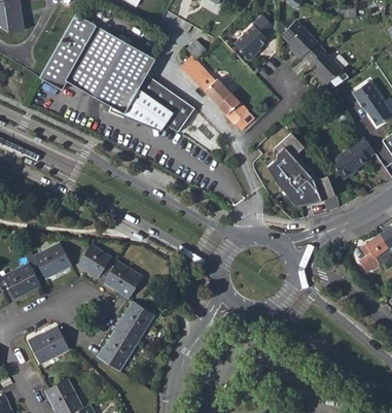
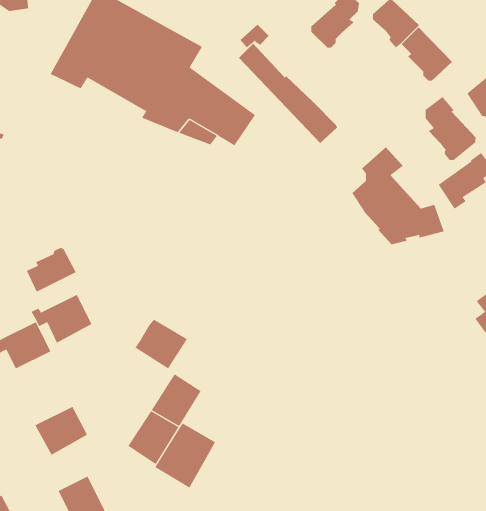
building: none -> [425,96,476,161]
building: none -> [26,247,76,292]
building: [77,245,113,279] -> none
building: none -> [155,422,216,489]

